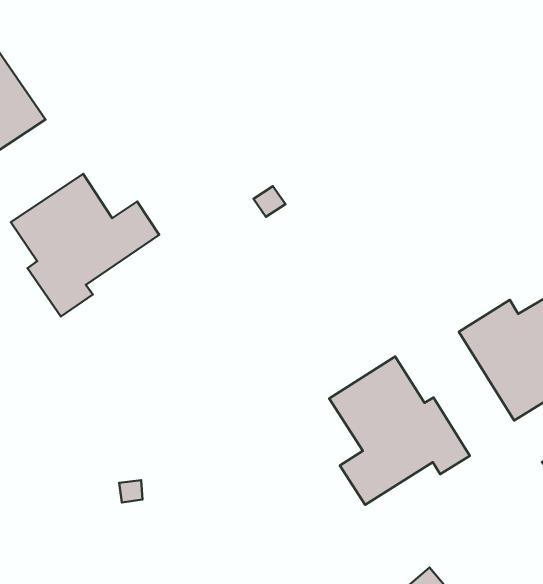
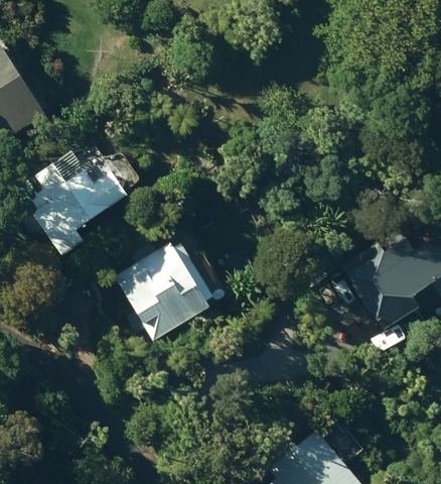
building: none -> [104,244,209,341]
building: [329,356,470,505] -> none

